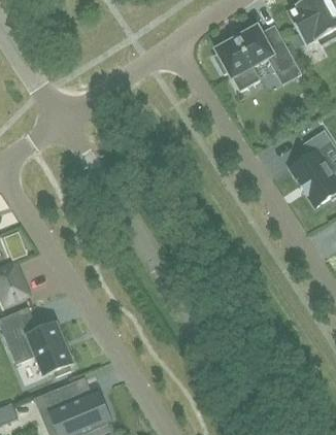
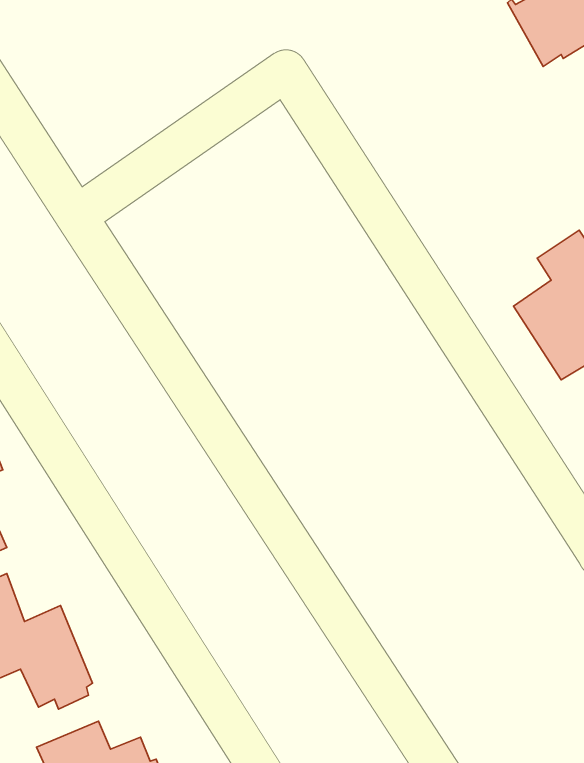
building: [213,26,295,90] -> none

